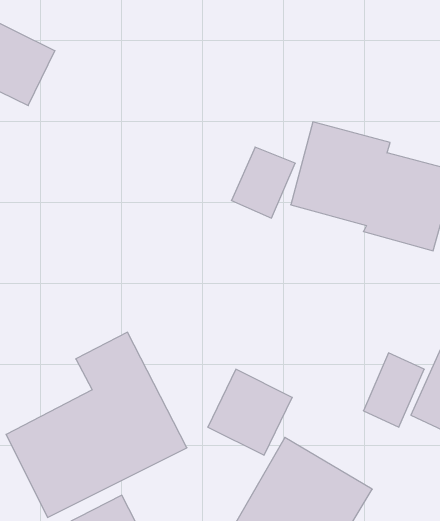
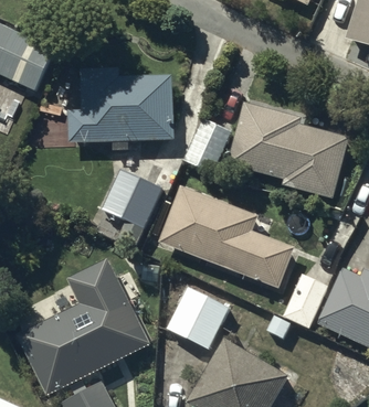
building: none -> [67,74,172,150]
building: none -> [103,176,161,250]
building: none -> [158,185,293,287]

